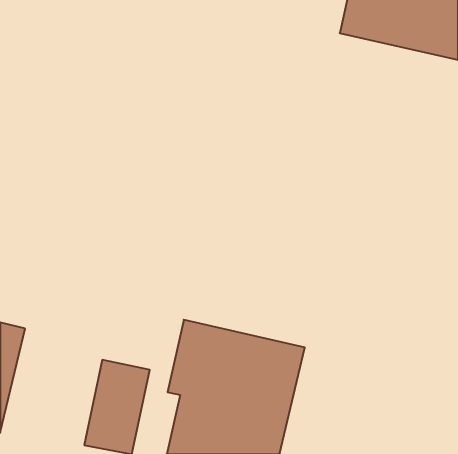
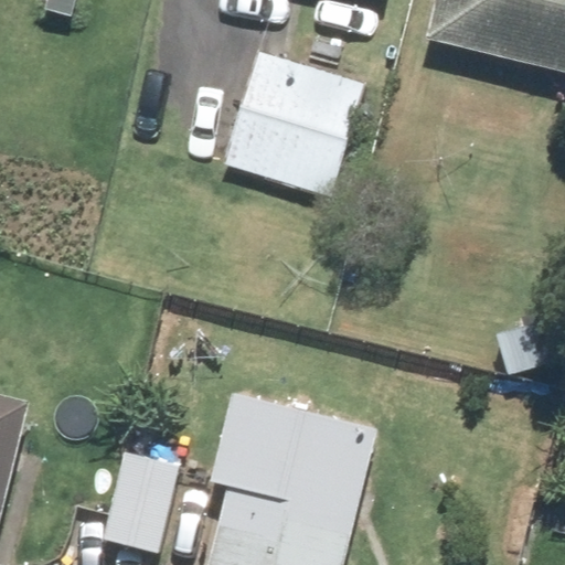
building: none -> [223,50,365,195]

